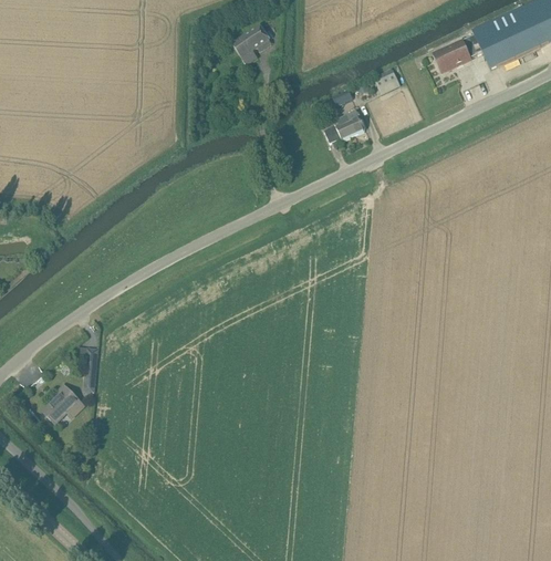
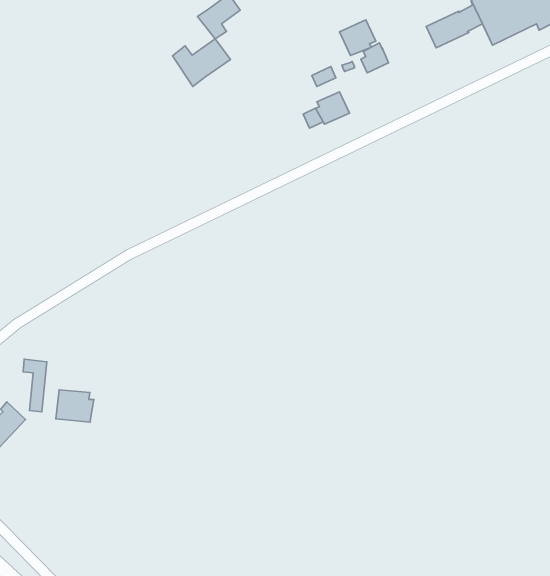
building: none -> [339,20,376,56]
building: none -> [172,39,231,87]
building: none -> [56,390,94,422]

